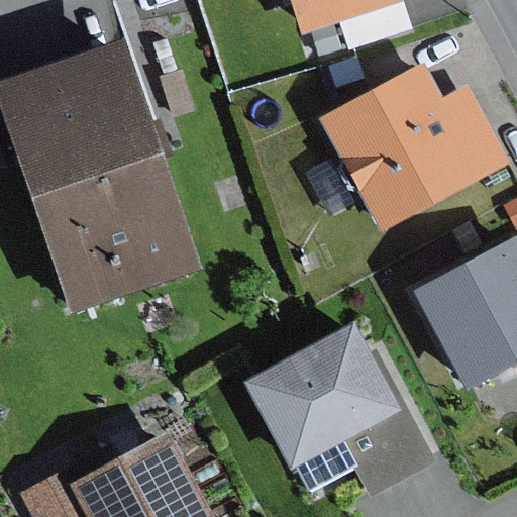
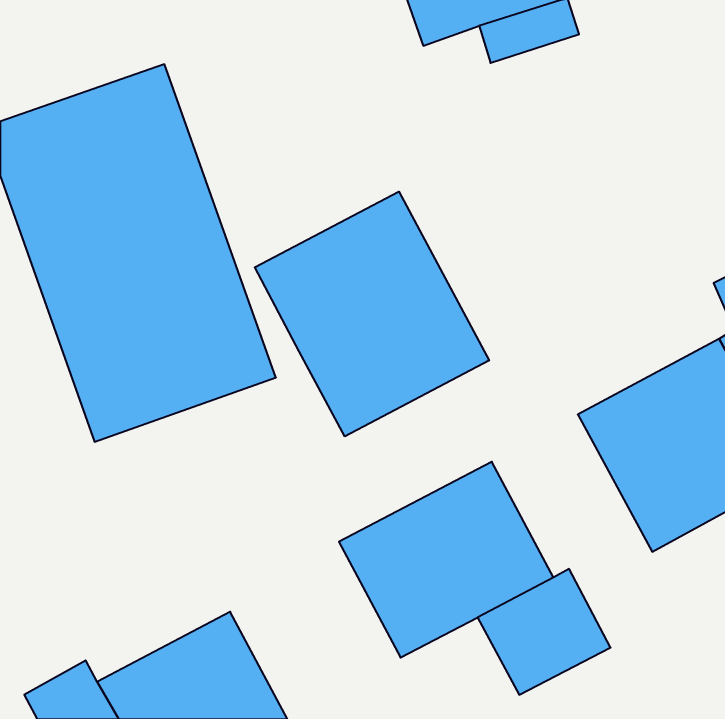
building: [317,60,512,233] -> none
building: none -> [255,192,489,436]

